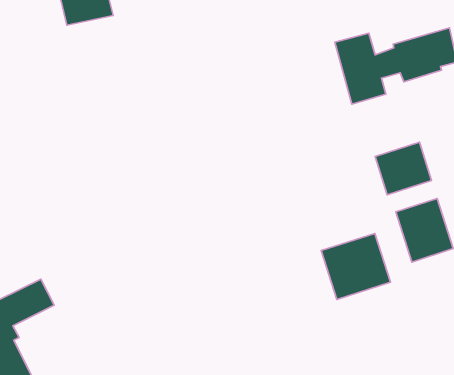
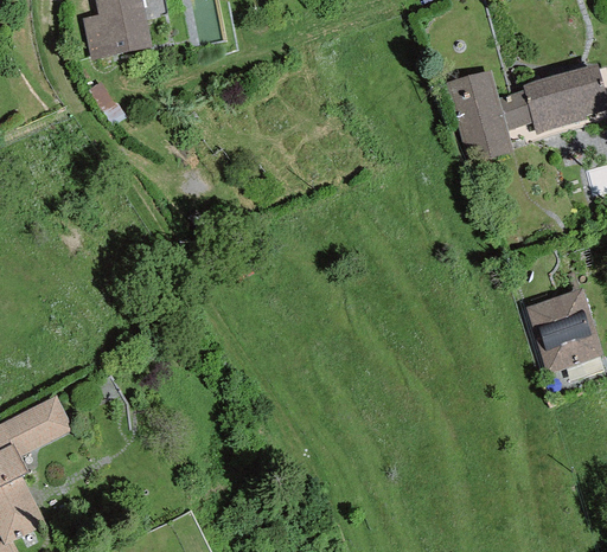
building: [375,142,432,195] -> none
building: [321,233,390,300] -> none

